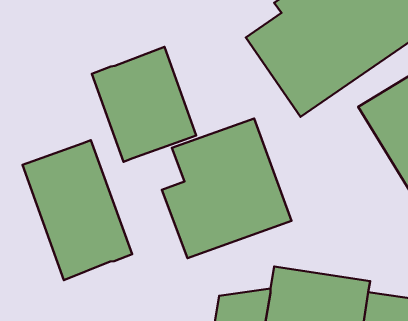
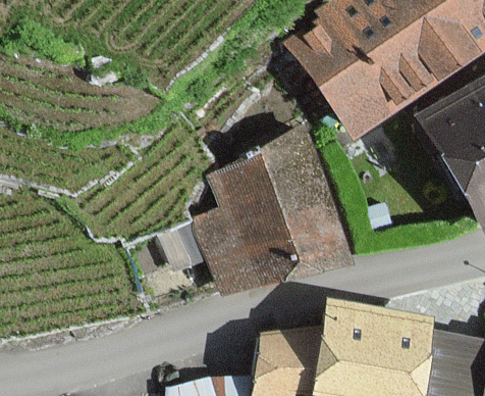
building: [92,47,196,162] -> none
building: [22,140,132,280] -> none

